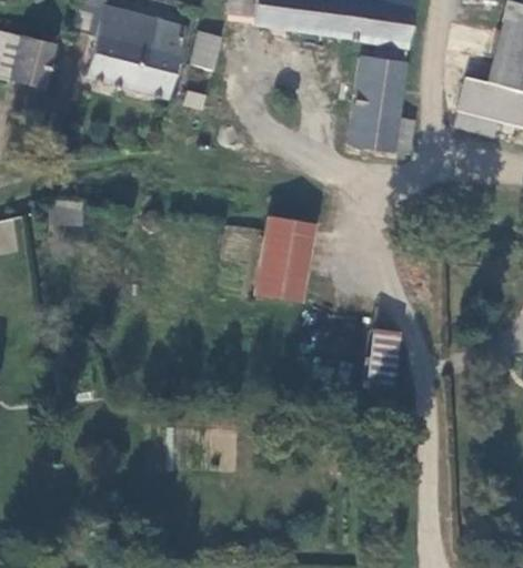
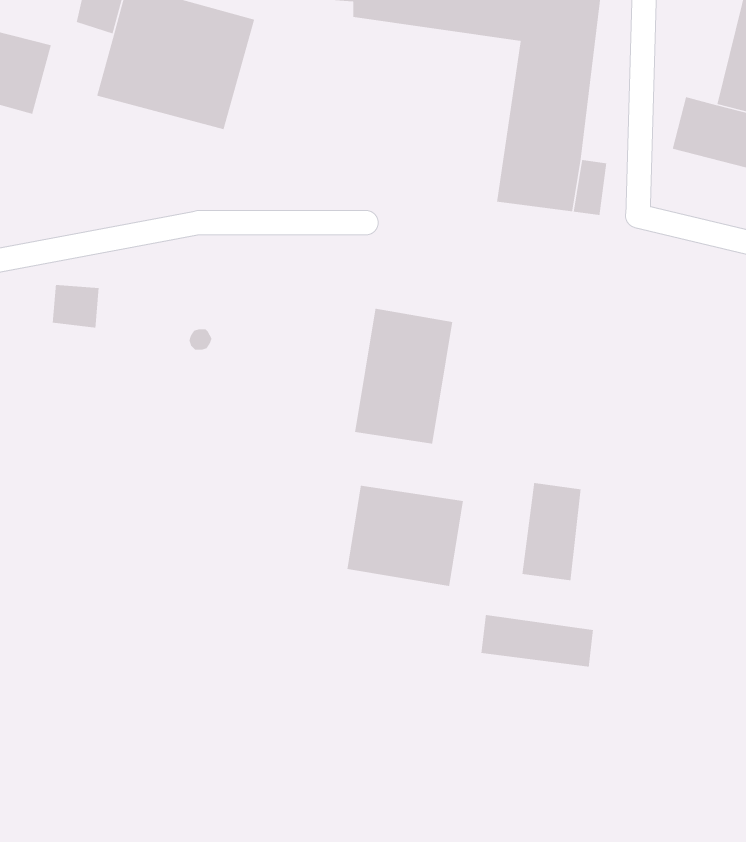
building: [189,30,224,71] -> none
building: none -> [347,485,464,587]
building: none -> [480,614,594,668]

